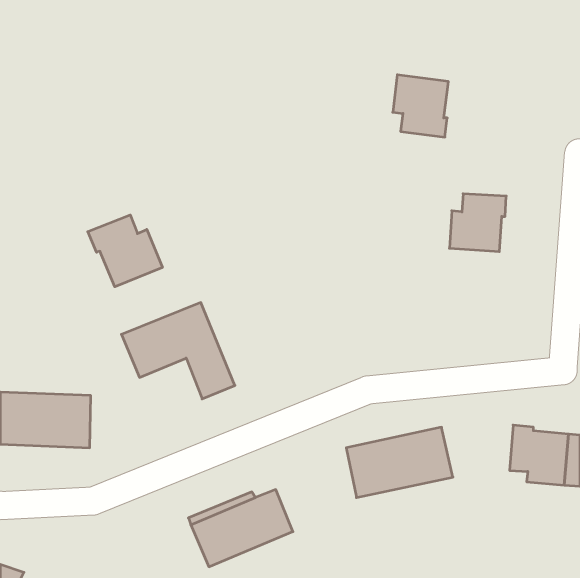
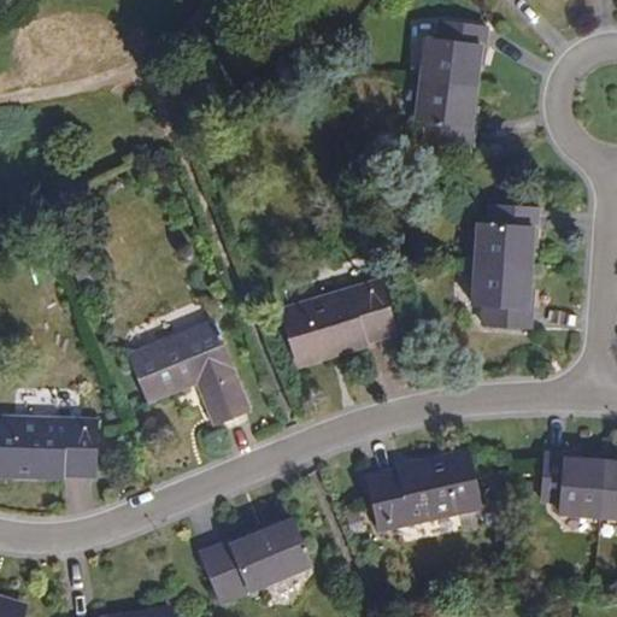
building: none -> [422,23,487,88]
building: [88,215,162,287] -> none
building: none -> [474,265,533,329]
building: none -> [280,282,396,365]

